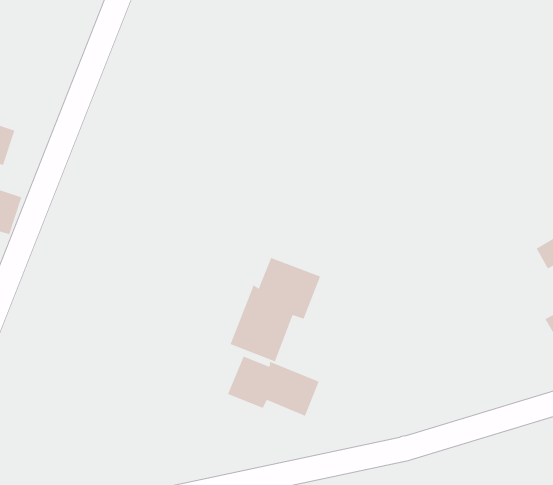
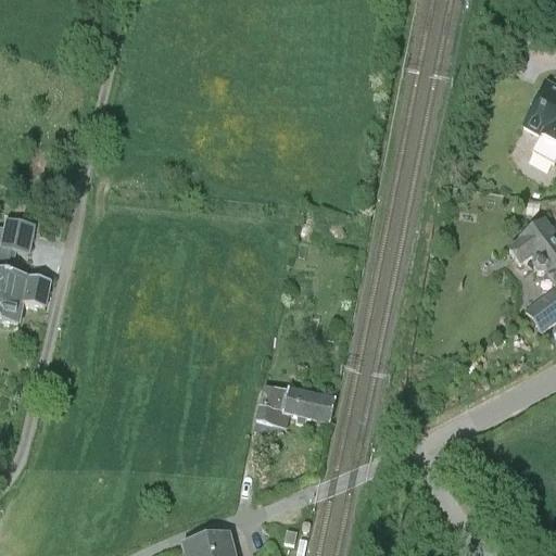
building: [230,257,321,362] -> none

